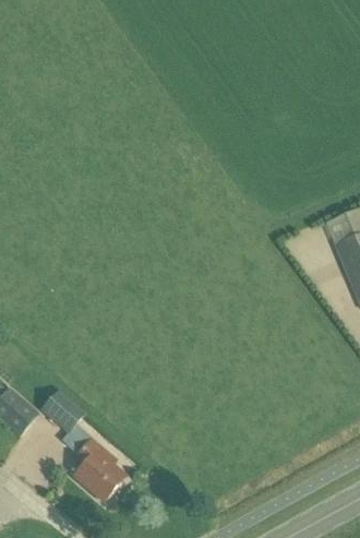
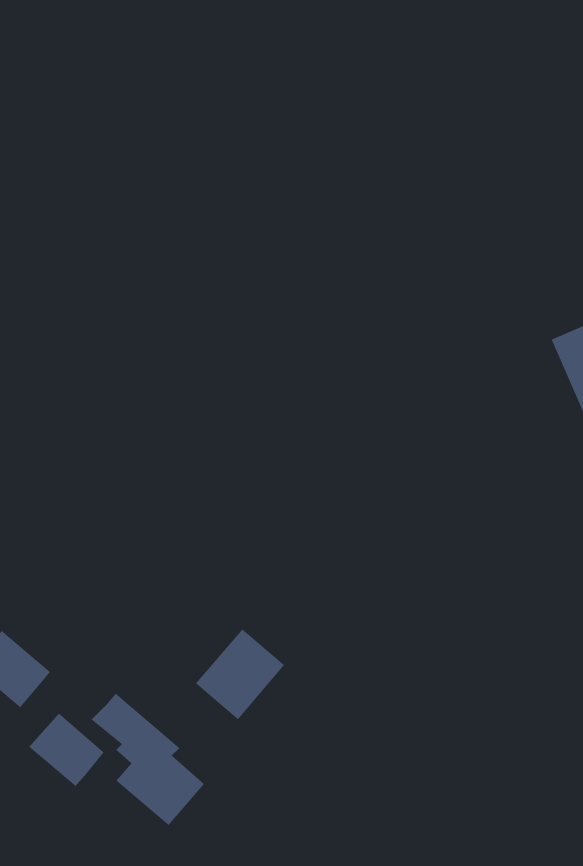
building: none -> [195,628,285,720]
building: [40,391,84,433] -> [28,713,104,787]

